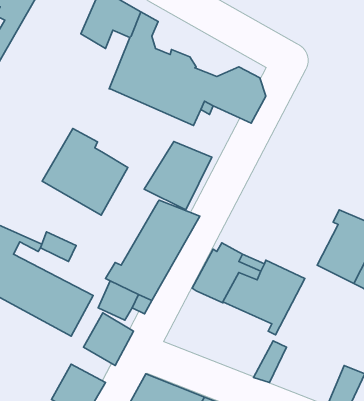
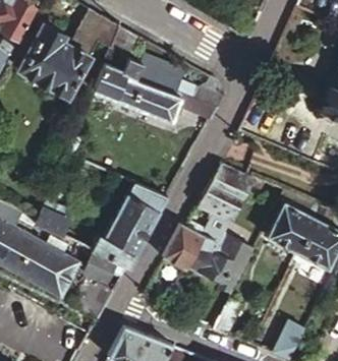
building: [42,128,128,215] -> [19,25,91,98]
building: [144,141,212,210] -> [196,165,252,222]

